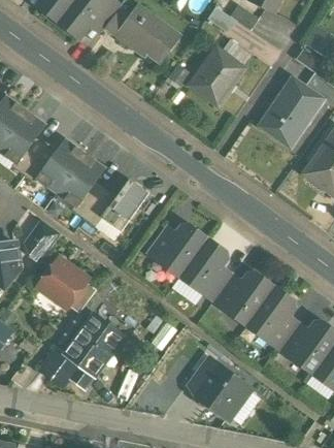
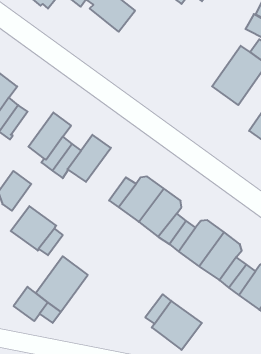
building: [188,44,247,106] -> none
building: [38,140,86,192] -> none

